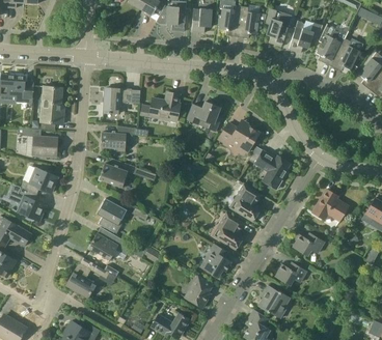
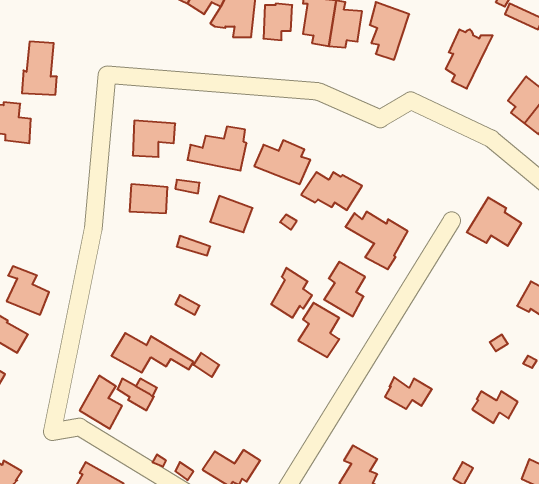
building: [289,21,321,53] -> none
building: [331,38,363,72] -> none
building: [40,87,64,123] -> [22,42,57,95]
building: [18,128,58,157] -> none
building: [99,163,128,188] -> [210,196,253,232]
building: [21,166,58,194] -> none
building: [311,189,349,222] -> [467,197,521,246]
building: [97,198,127,232] -> none
building: [293,234,324,256] -> [472,391,518,423]
building: [203,244,231,278] -> [271,268,312,318]
building: [187,275,213,308] -> none
building: [258,285,290,317] -> none

